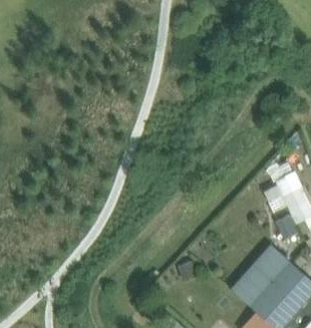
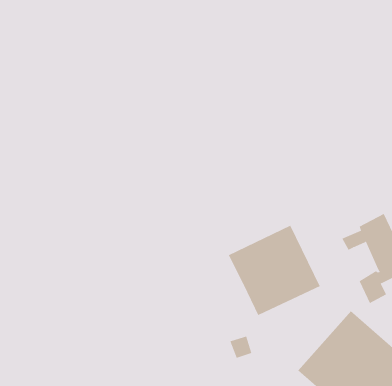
building: none -> [228,225,320,316]

